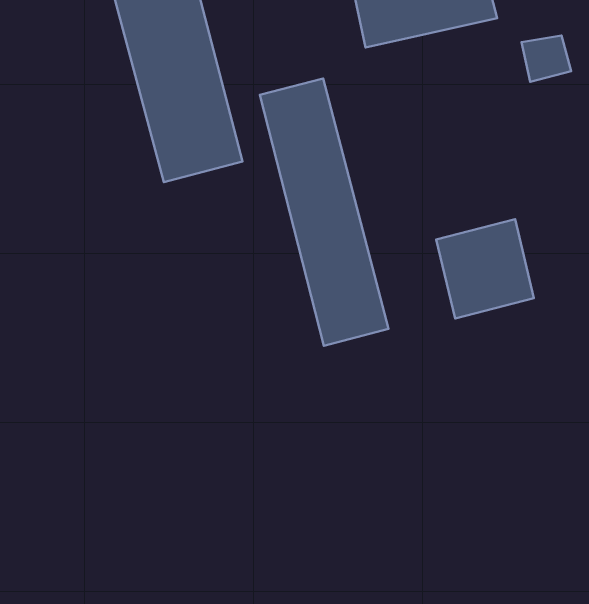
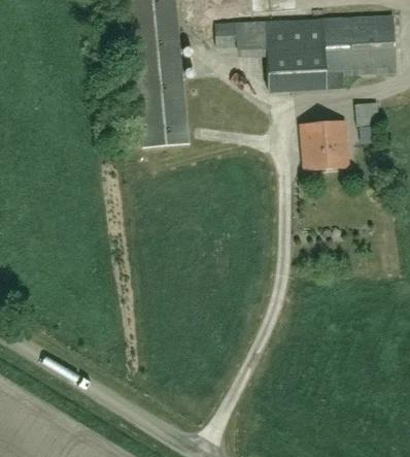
building: [260,78,389,346] -> none
building: [436,219,534,319] -> [300,119,348,168]

